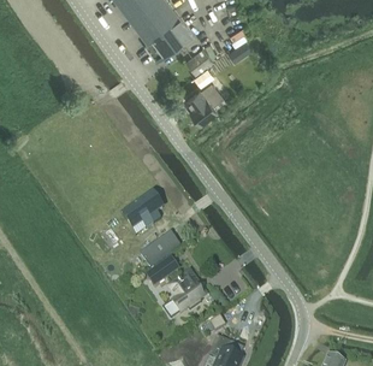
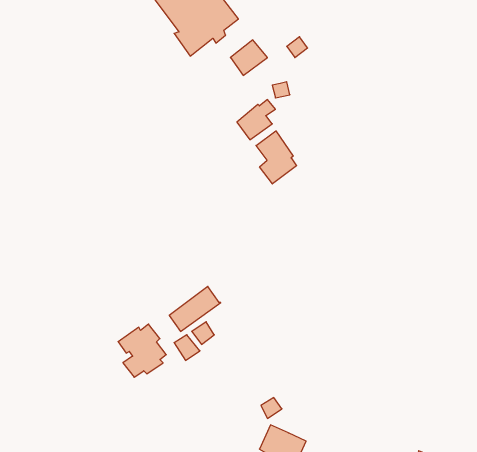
building: none -> [256,131,297,184]
building: [125,190,164,226] -> none
building: [168,271,205,311] -> [118,324,166,377]

